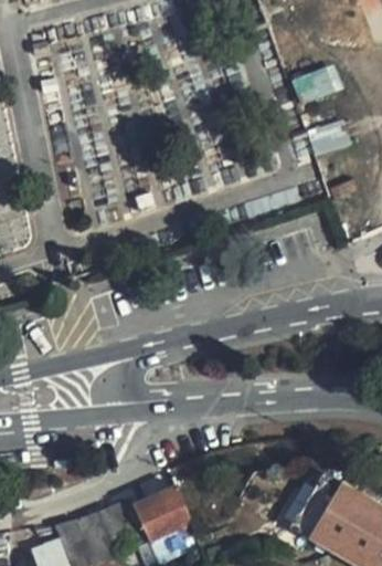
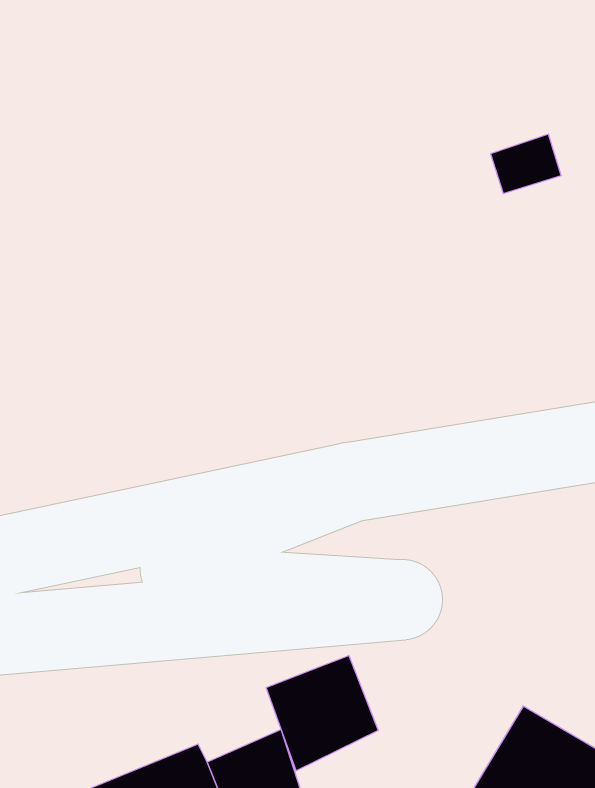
building: [290,67,338,103] -> none
building: none -> [266,655,378,771]

